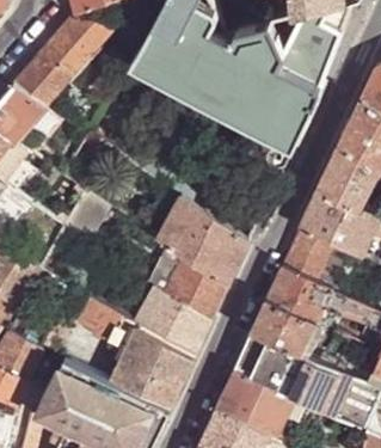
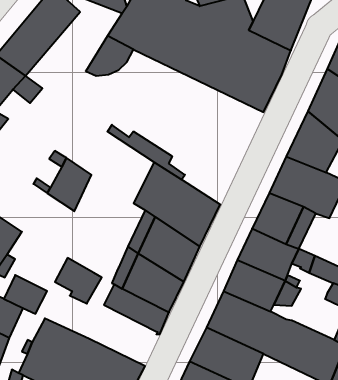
building: [110,348,184,412] -> none

